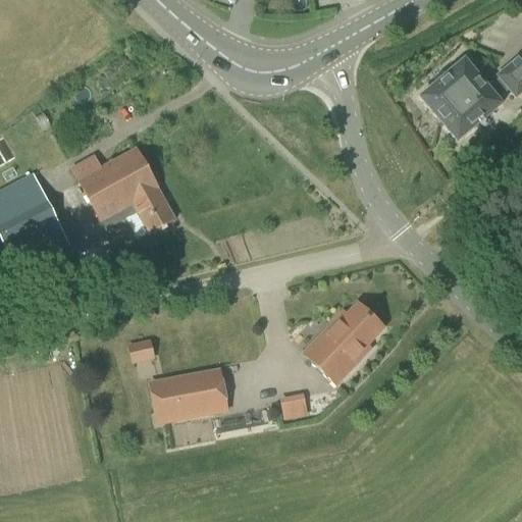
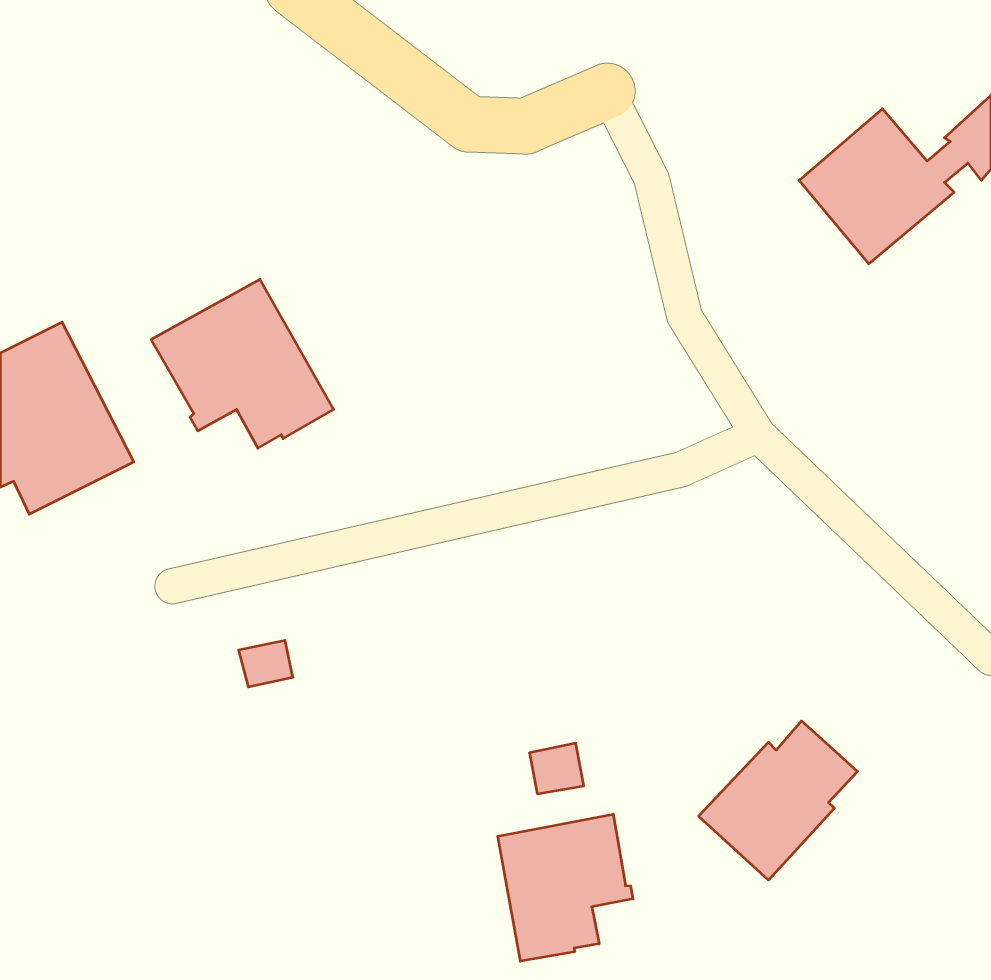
building: [303,300,386,383] -> [699,721,858,880]
building: [151,367,227,420] -> none
building: none -> [498,814,633,961]

